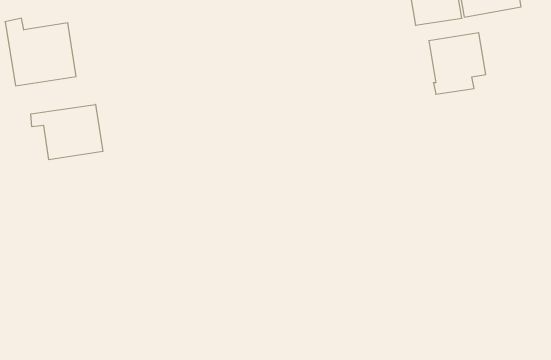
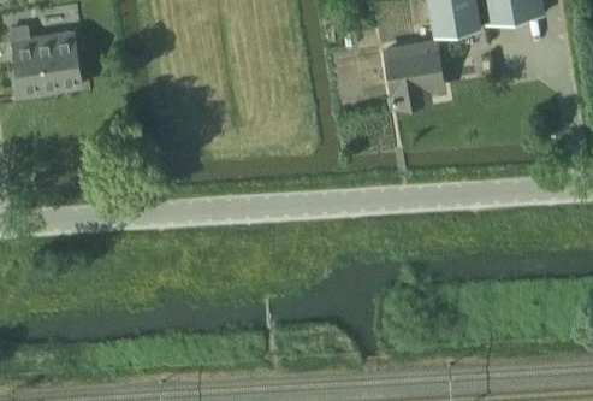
building: [429,33,486,94] -> [384,41,443,105]
building: [31,104,103,160] -> none

